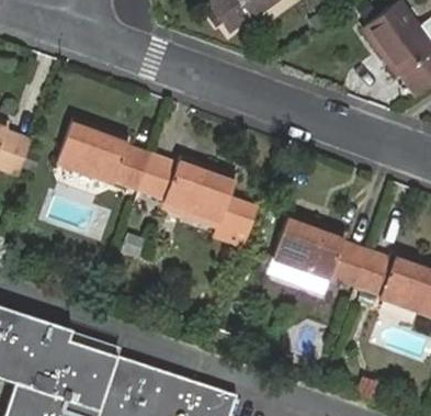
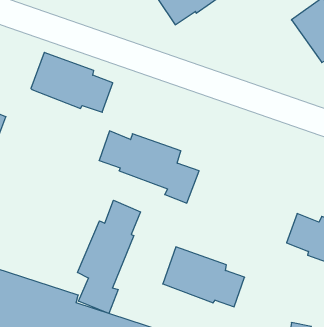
building: [58,122,152,191] -> [31,52,113,112]
building: [274,217,368,286] -> [163,247,245,307]
building: none -> [78,200,141,313]

